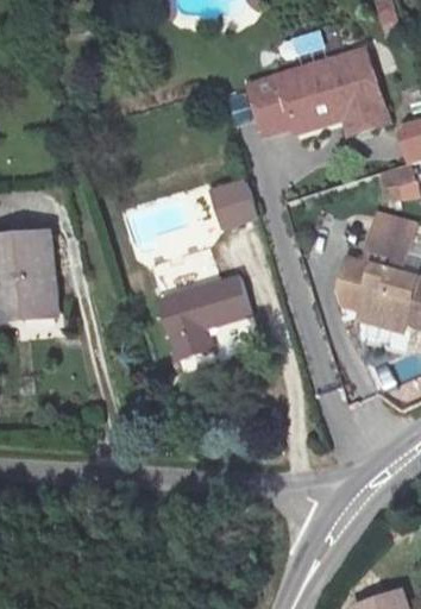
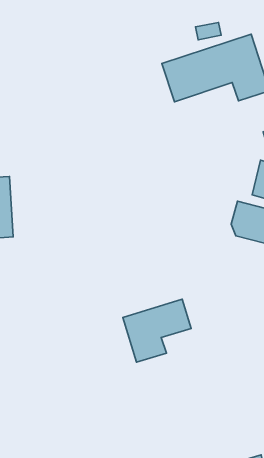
building: [213,180,258,224] -> none
building: [159,276,249,358] -> [123,299,191,362]

